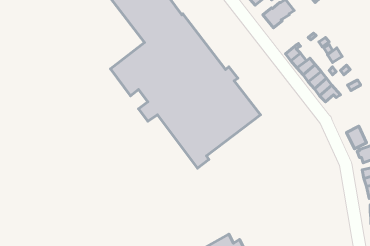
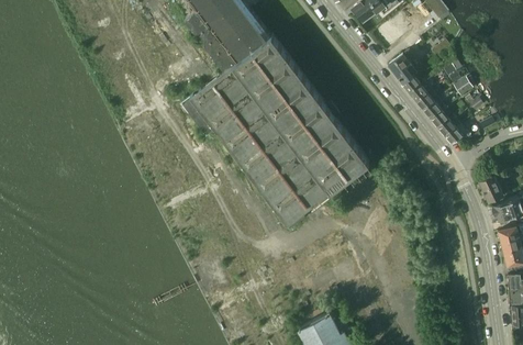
building: none -> [389,53,416,86]

